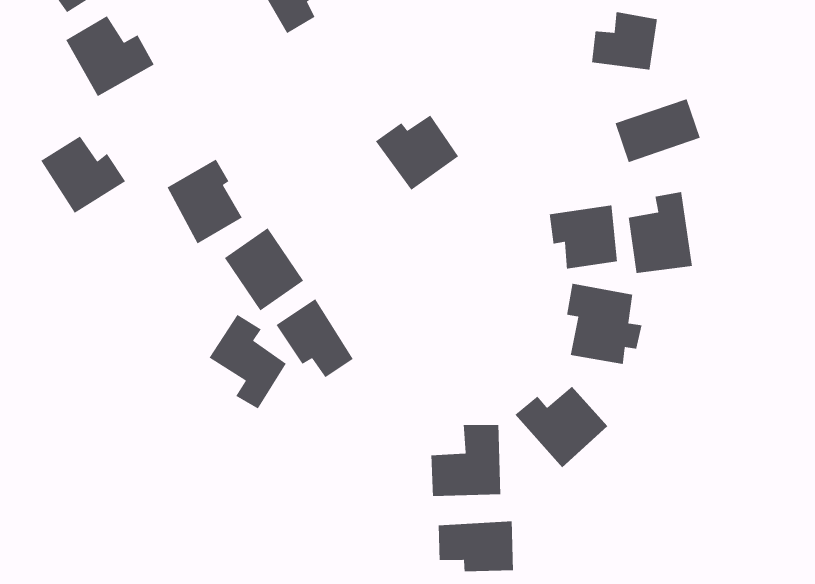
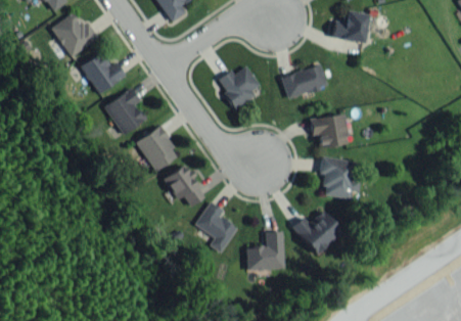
building: [615,98,701,163] -> [281,63,327,98]
building: [40,136,126,214] -> [80,52,126,94]
building: [628,191,693,274] -> none
building: [208,314,287,409] -> [195,201,237,253]
building: [438,520,514,572] -> none

